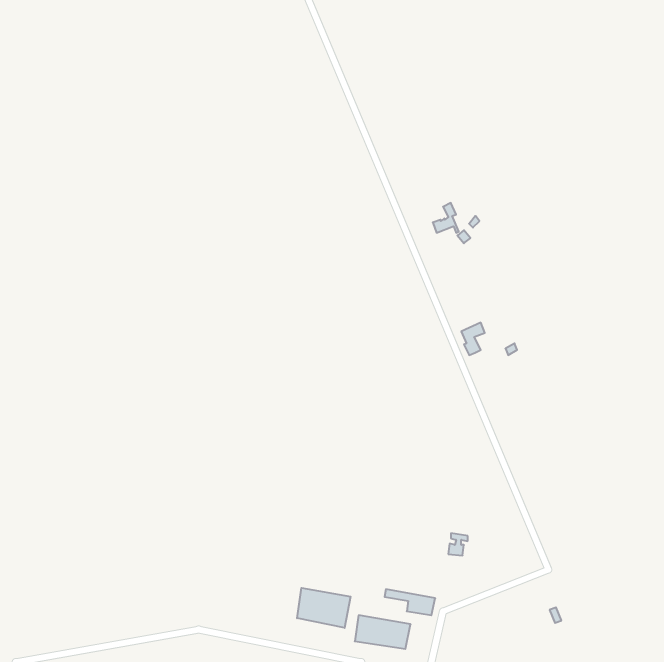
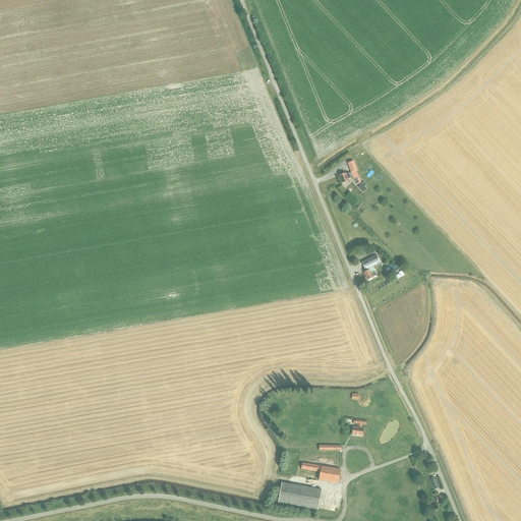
building: [297,588,351,628] -> none

